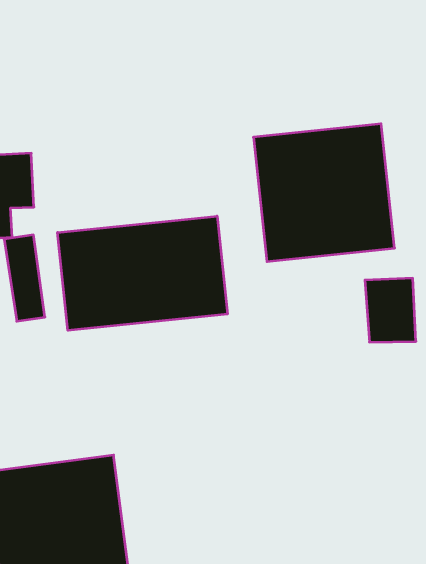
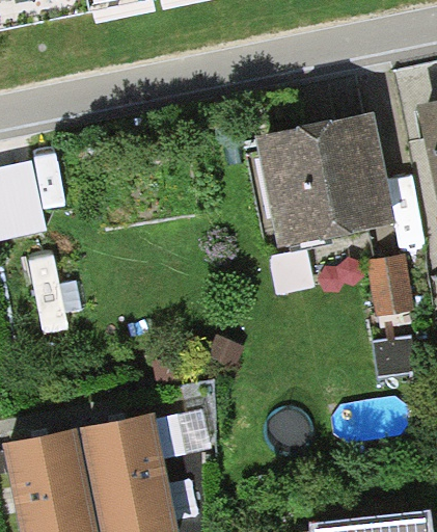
building: [58,216,227,330] -> none

